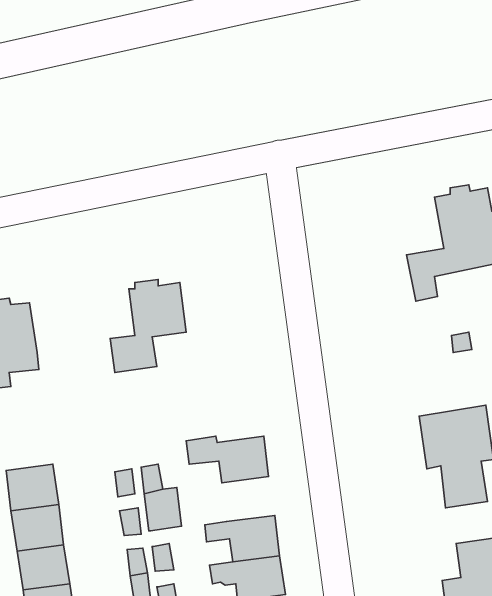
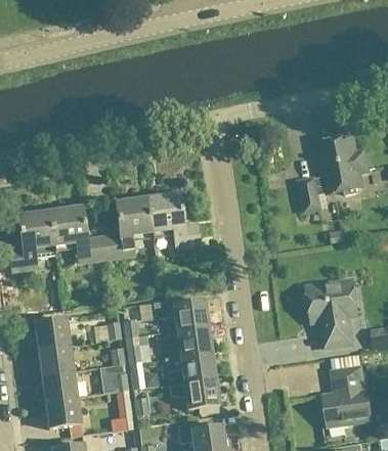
building: none -> [149,190,201,249]
building: none -> [50,204,106,262]
building: none -> [177,326,212,356]

